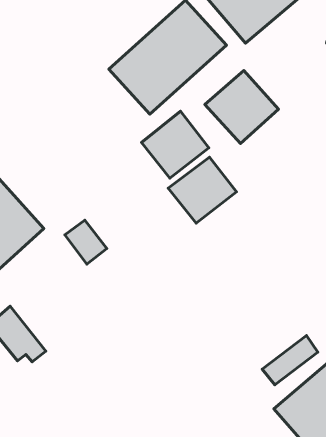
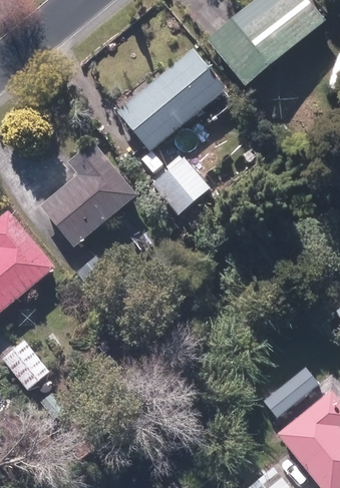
building: [205,70,278,143] -> none
building: none -> [42,138,136,243]
building: [168,157,236,223] -> none

